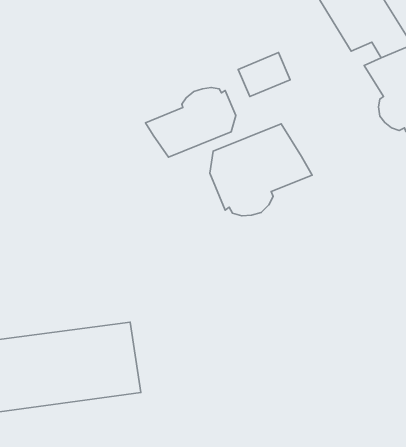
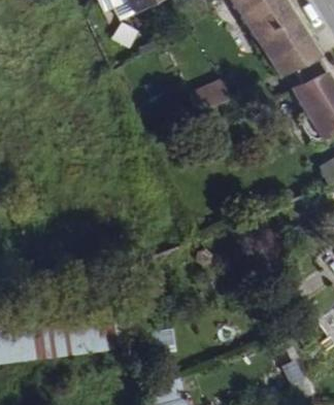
building: [145,88,236,157] -> none
building: [210,124,312,216] -> none

